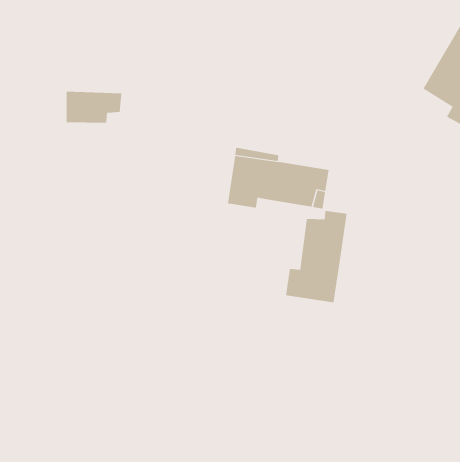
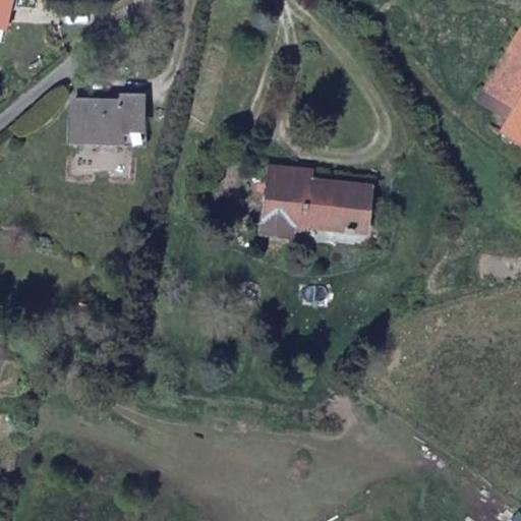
building: [286,210,347,303] -> none

